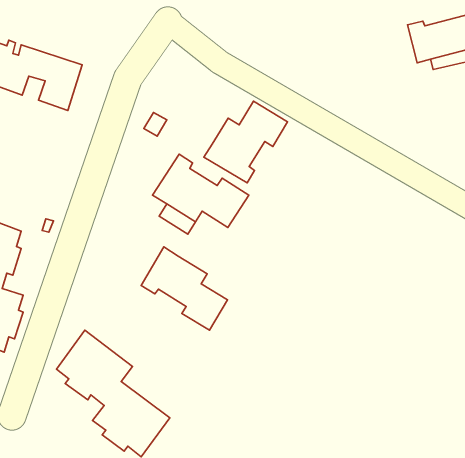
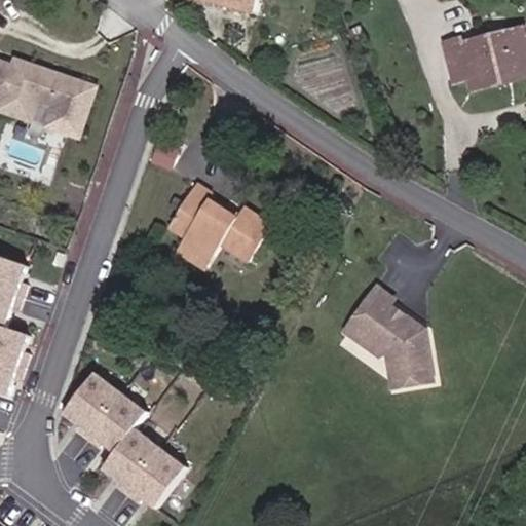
building: [204,101,288,183] -> none
building: [141,247,227,330] -> none
building: none -> [344,288,431,387]

